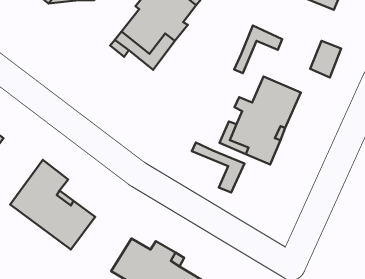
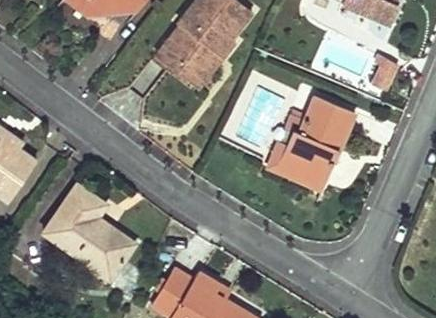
building: [234,26,282,73] -> none
building: [192,143,245,192] -> none

